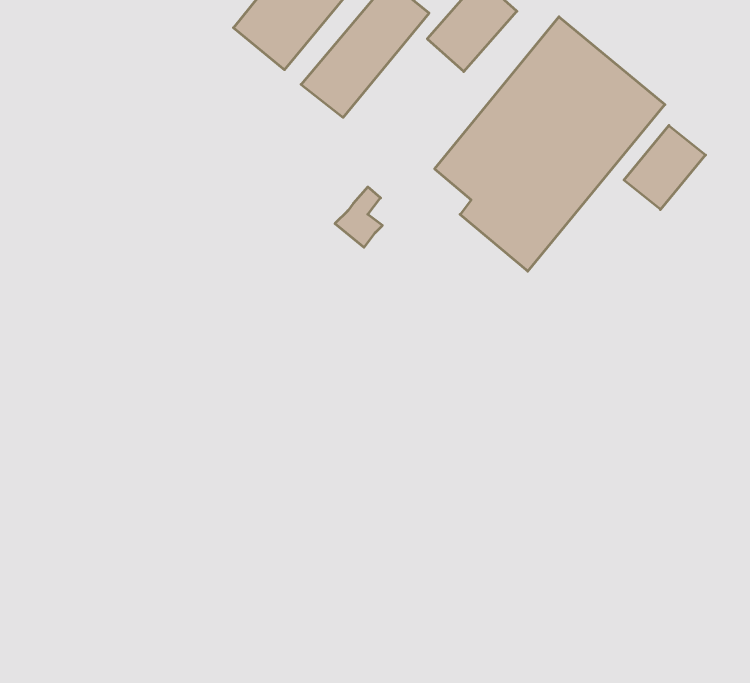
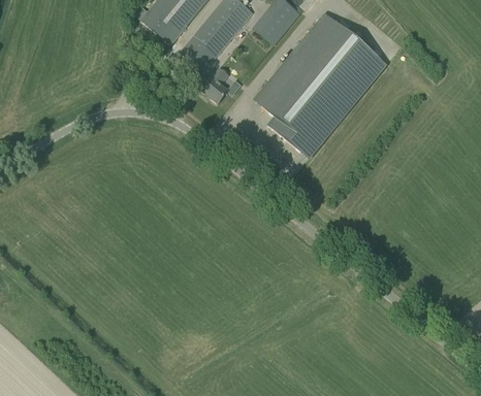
building: [624,125,706,210] -> none
building: [335,187,382,247] -> [201,69,228,103]

